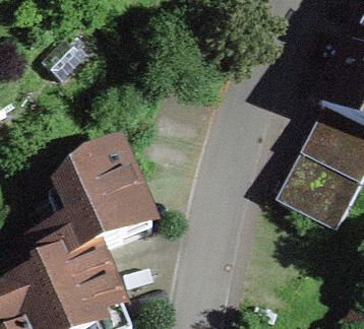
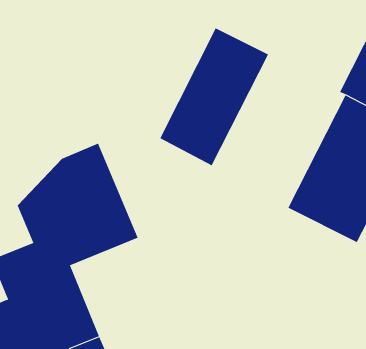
building: none -> [159,27,269,166]

